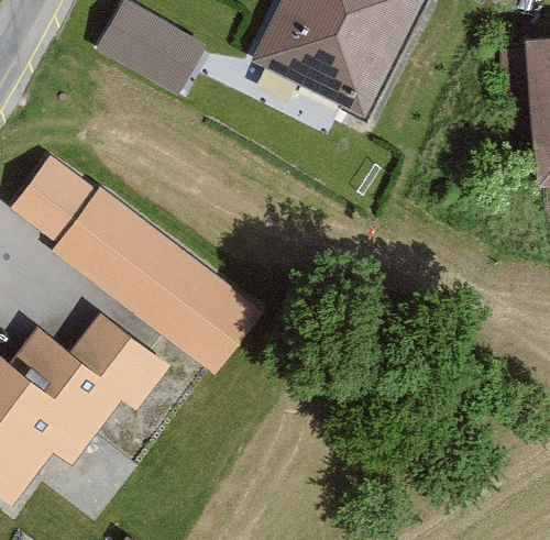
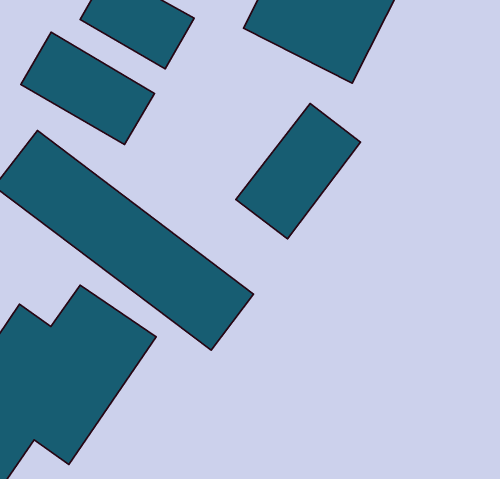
building: none -> [21,32,154,144]
building: none -> [236,103,361,239]

